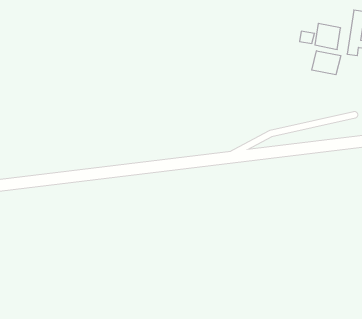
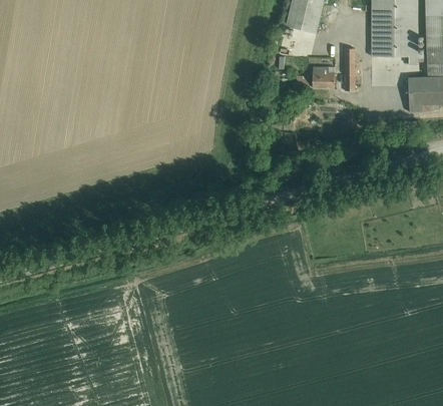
building: [312,51,341,75] -> none

